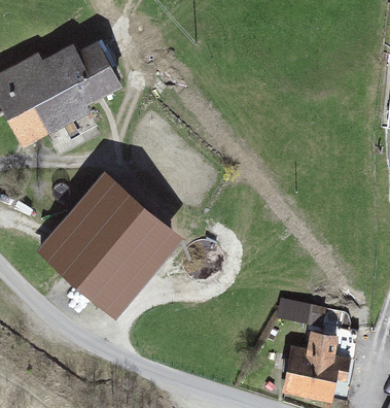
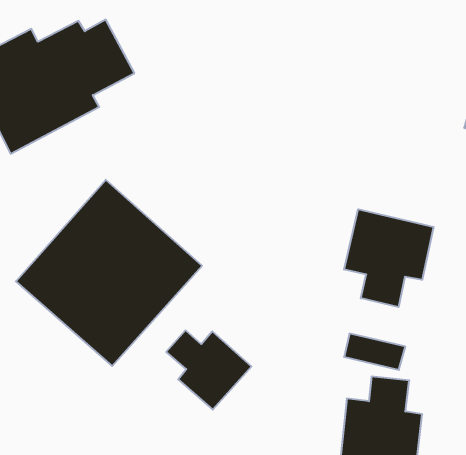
building: none -> [344,209,434,307]
building: none -> [166,330,251,410]

